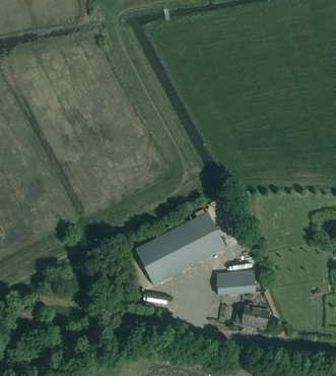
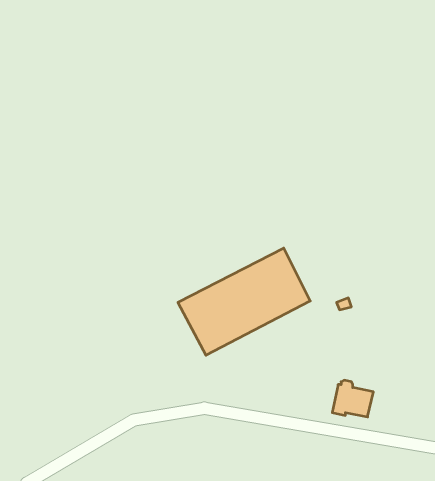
building: [216,269,256,294] -> none

